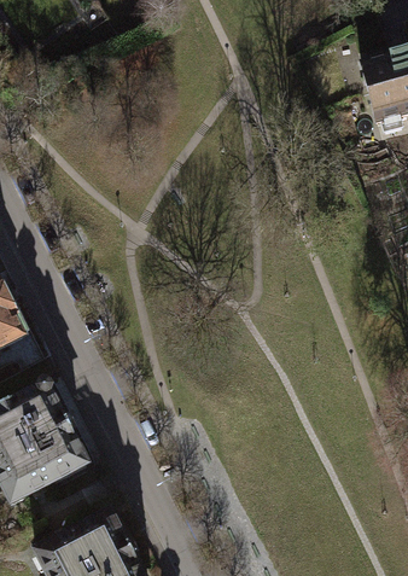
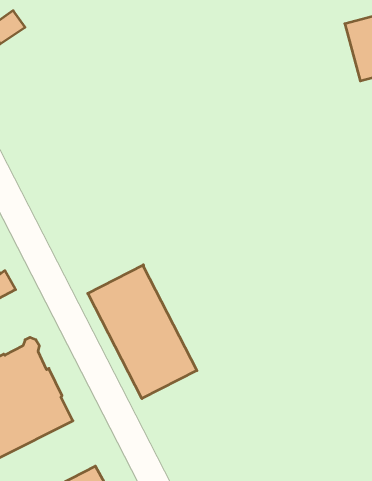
building: none -> [88,265,197,399]

